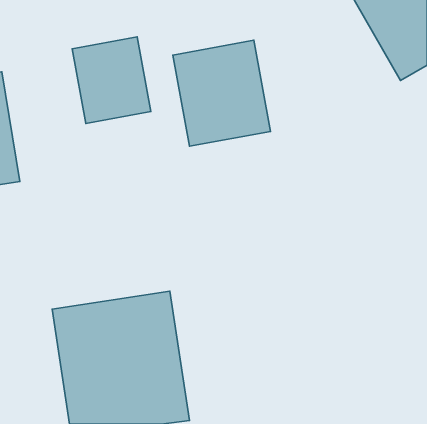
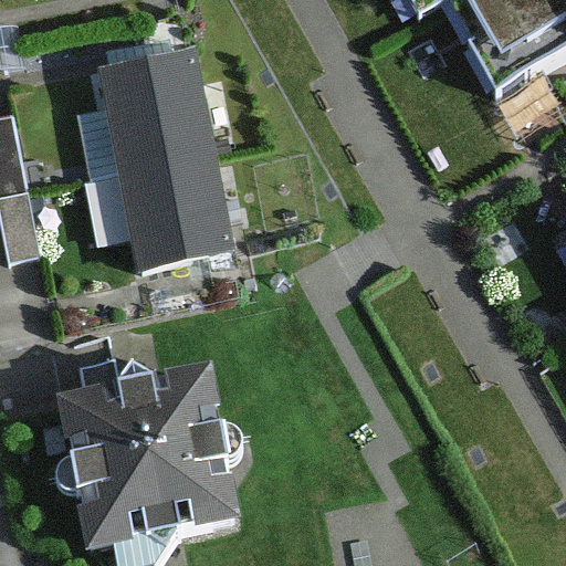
building: [173,40,271,146] -> none
building: none -> [111,144,212,255]

